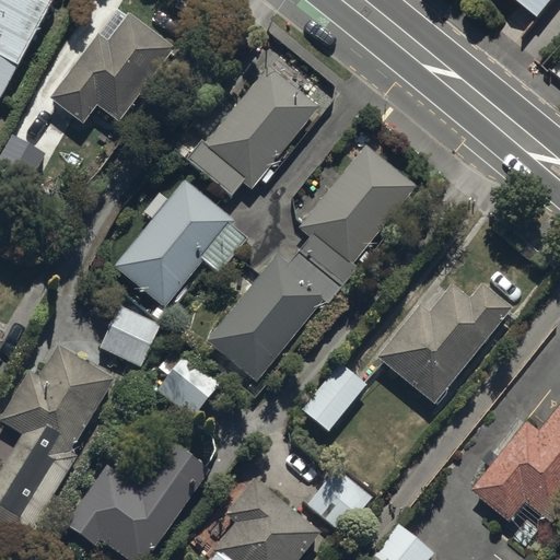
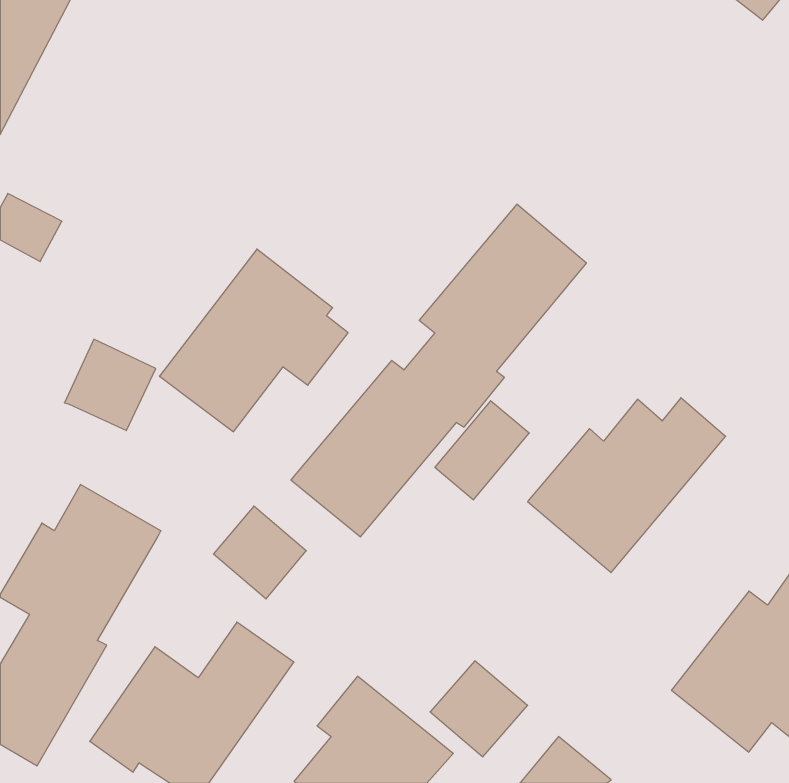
building: [47,9,175,125] -> none
building: [186,63,319,197] -> none
building: [98,302,163,366] -> [64,339,156,431]
building: [300,361,366,431] -> [435,401,529,500]

